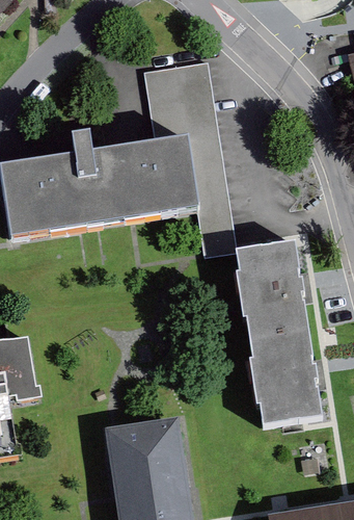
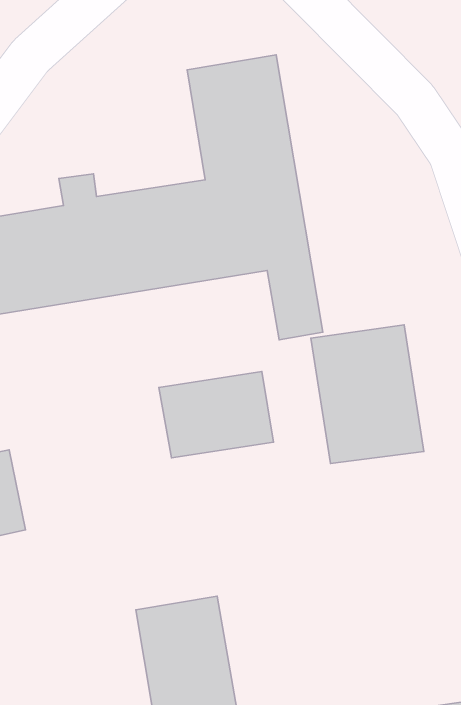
building: none -> [159,372,274,458]
building: [245,331,323,430] -> none

